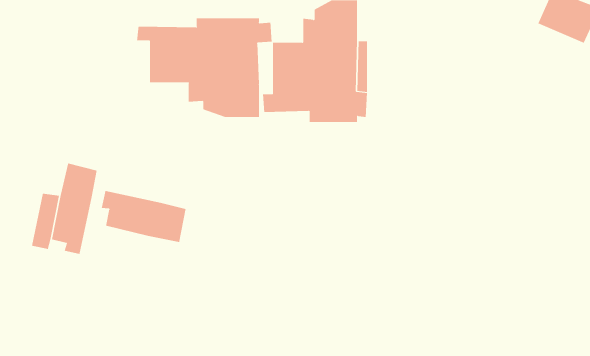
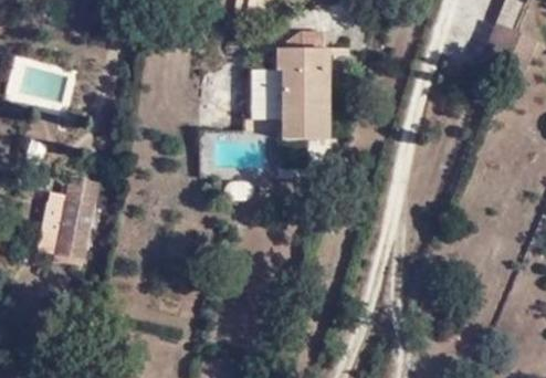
building: [136,18,272,118] -> none
building: [101,190,186,243] -> none

